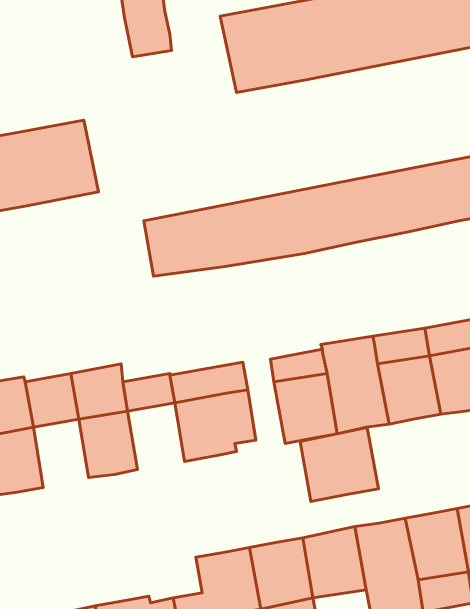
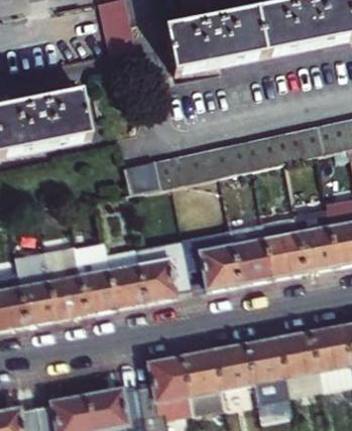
building: none -> [106,268,141,309]
building: none -> [47,278,82,320]
building: [300,427,378,501] -> none

